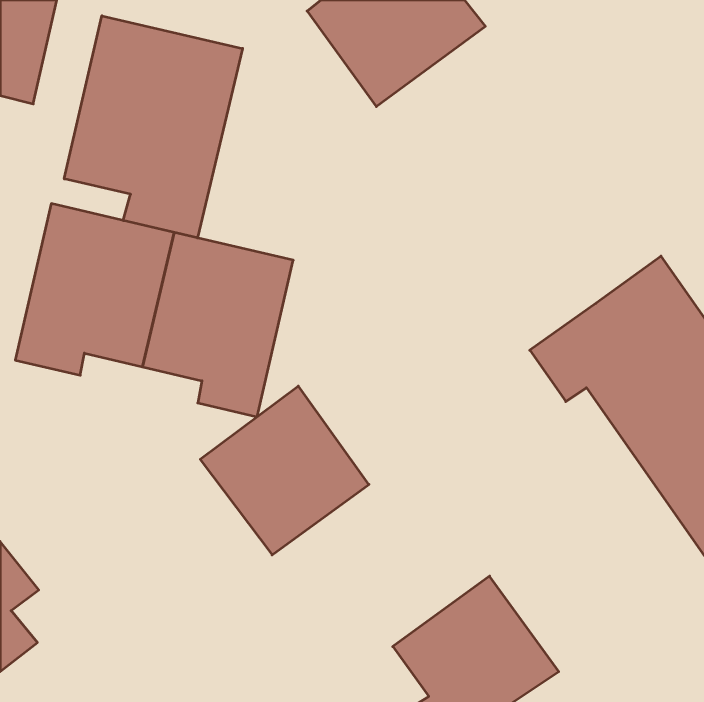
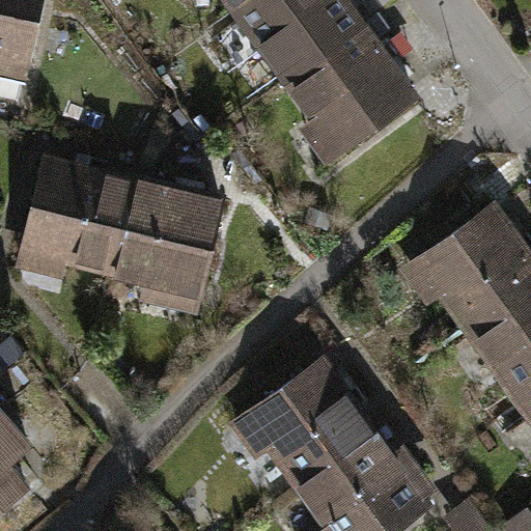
building: [64,16,243,238] -> none
building: none -> [284,24,417,163]
building: [200,386,369,555] -> [243,362,369,488]

